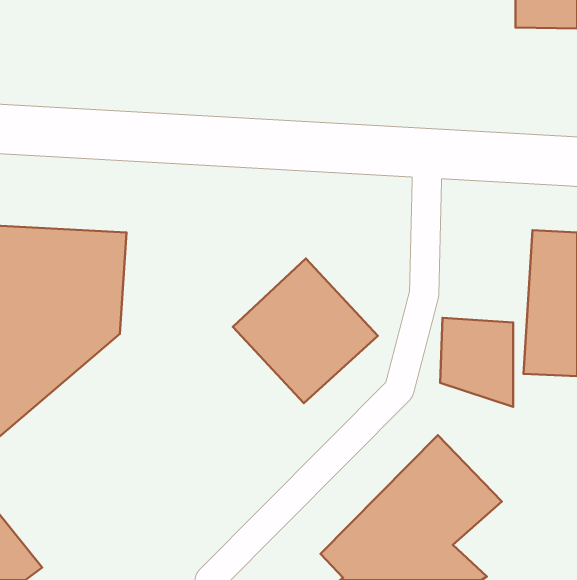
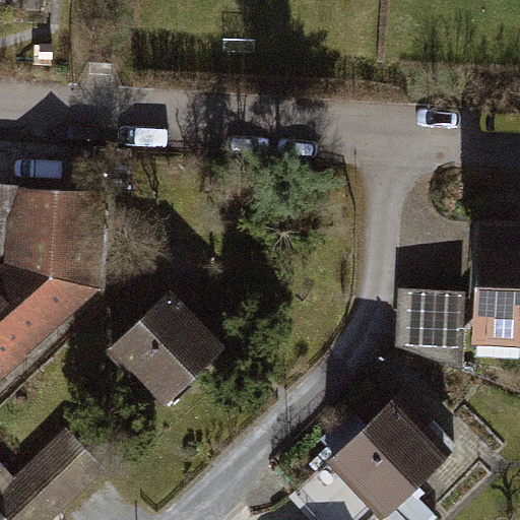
building: [233,258,378,403] -> [114,298,243,427]
building: none -> [16,425,100,509]

